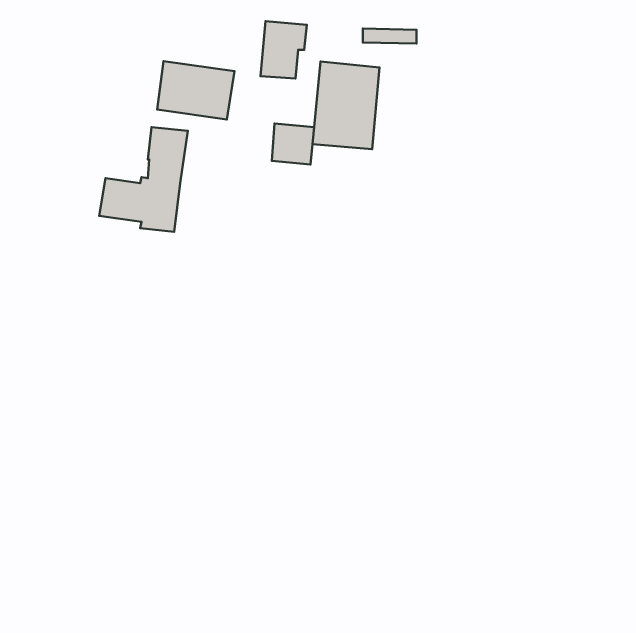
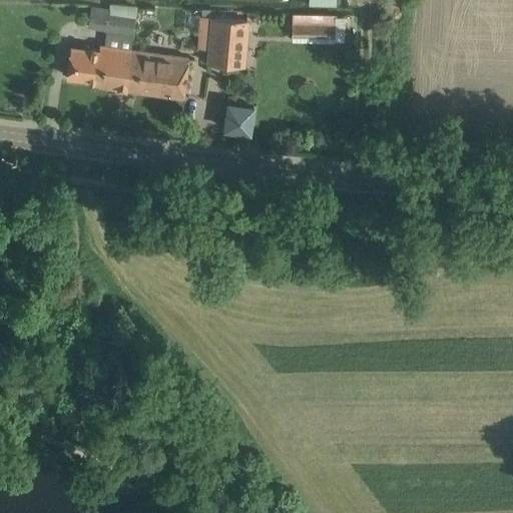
building: [313,61,380,149] -> none
building: [99,127,188,232] -> [67,7,138,91]

